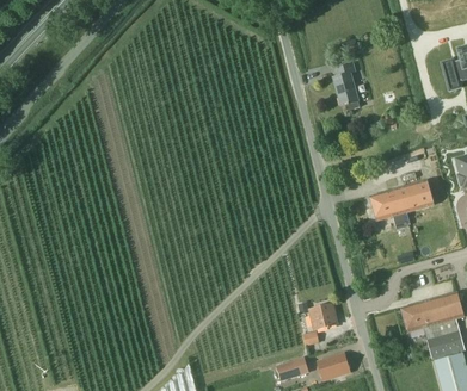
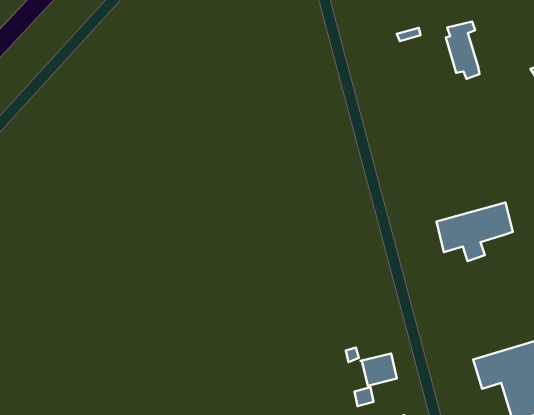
building: [332,63,360,110] -> [446,22,480,79]

